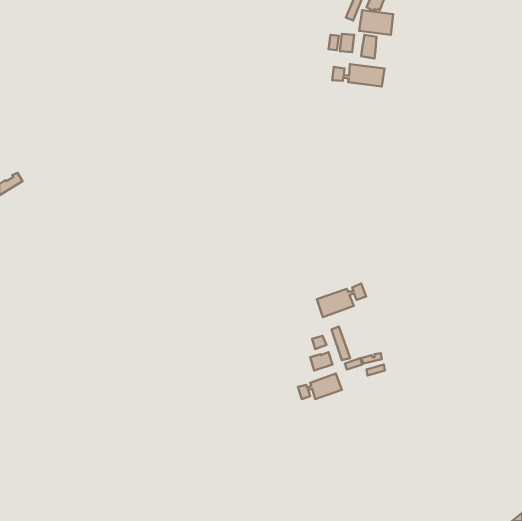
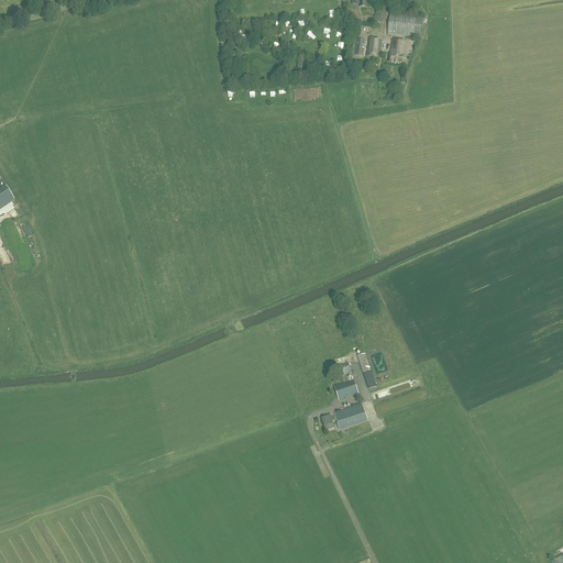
building: [332,64,385,86] -> none
building: [317,283,366,317] -> none

